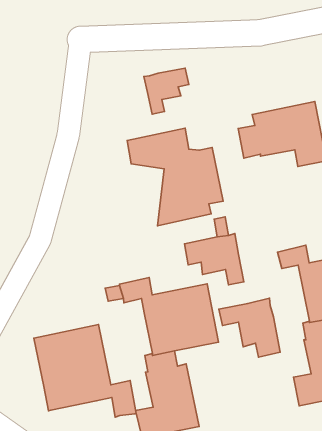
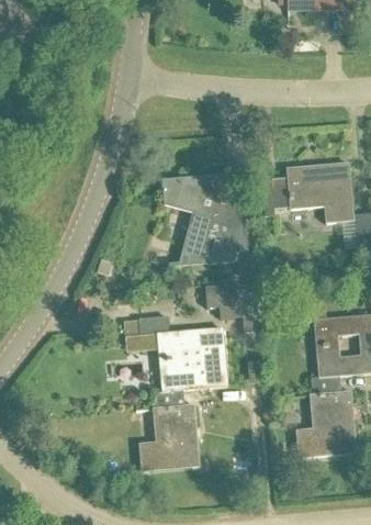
building: [144,68,189,114] -> none
building: [219,298,280,357] -> none
building: [34,325,136,417] -> none

